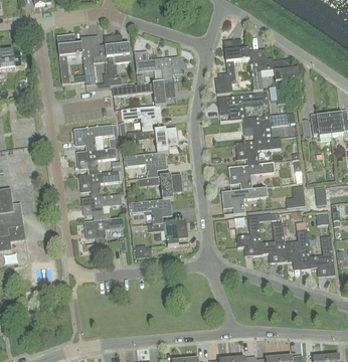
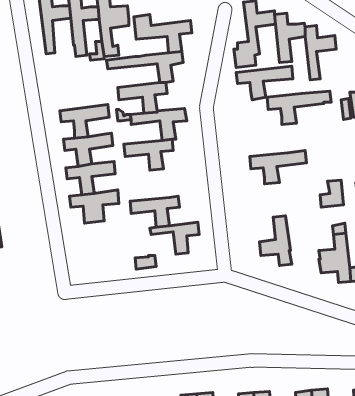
building: [235,137,282,164] -> none
building: [138,173,182,199] -> none
building: [221,185,268,213] -> none
building: [83,217,124,243] -> none
building: [260,221,287,261] -> none

